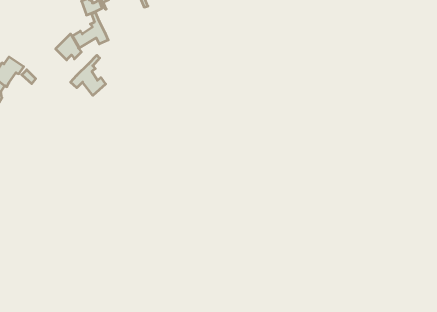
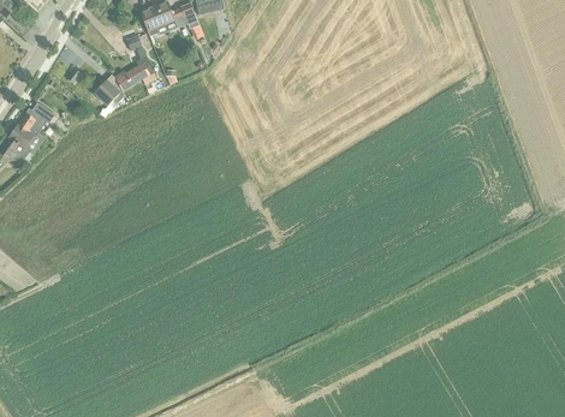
building: [71,55,106,95] -> none

